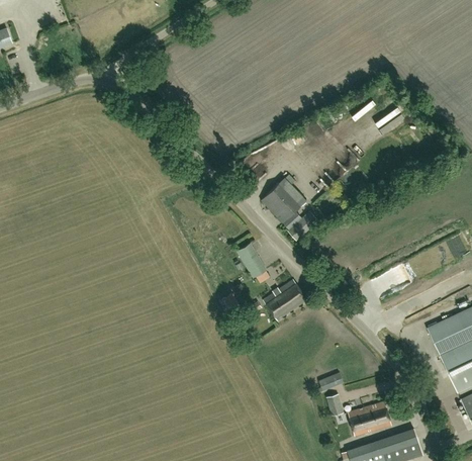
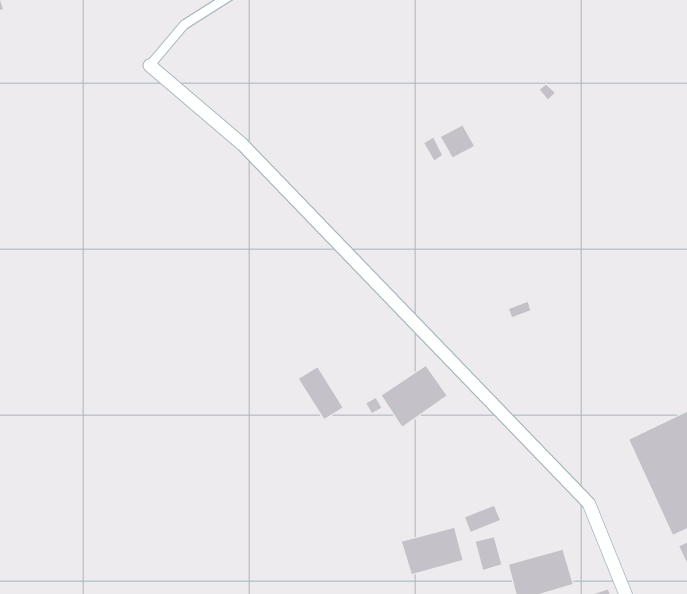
building: [261,176,318,241] -> none
building: [237,243,267,278] -> [298,367,344,420]
building: none -> [401,527,463,575]

